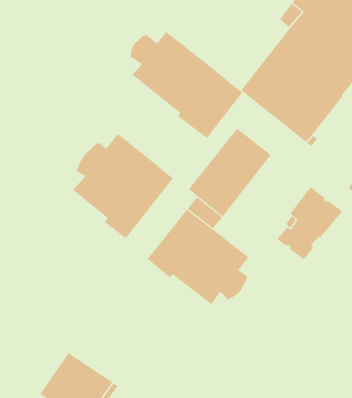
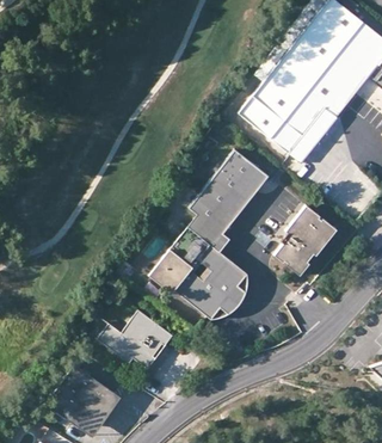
building: [130,31,243,139] -> none
building: [73,133,174,239] -> none
building: none -> [97,309,173,369]

